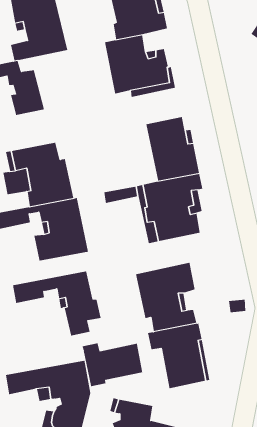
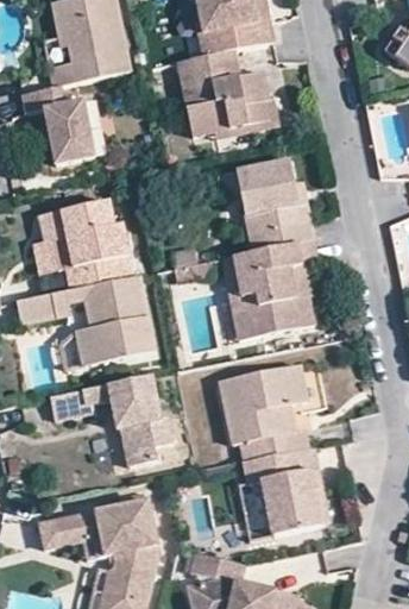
building: [82,343,143,387] -> none

